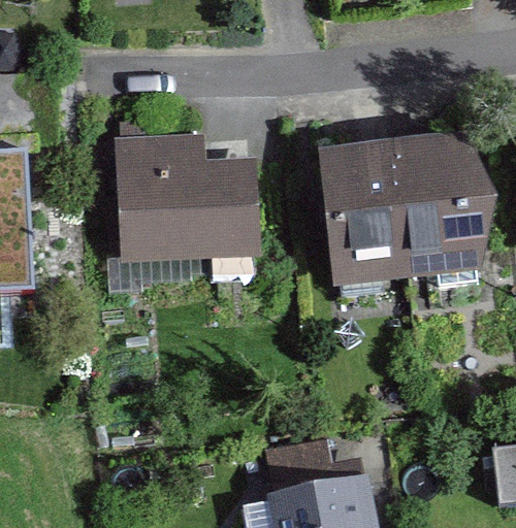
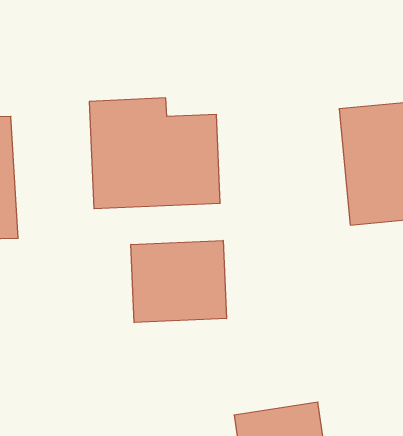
building: [320,148,402,285] -> none
building: none -> [131,240,226,323]

